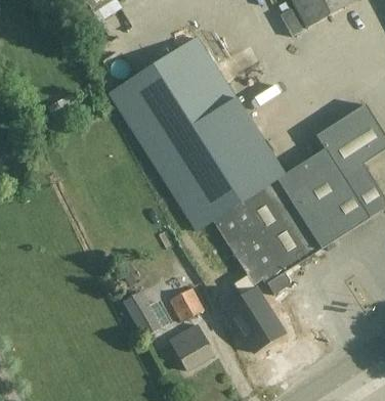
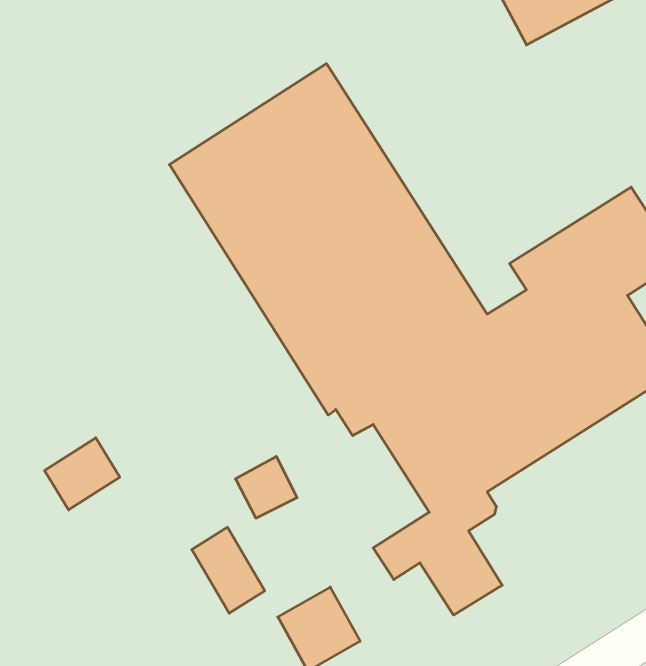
building: none -> [45,438,120,510]
building: [170,286,204,320] -> [235,456,297,518]

